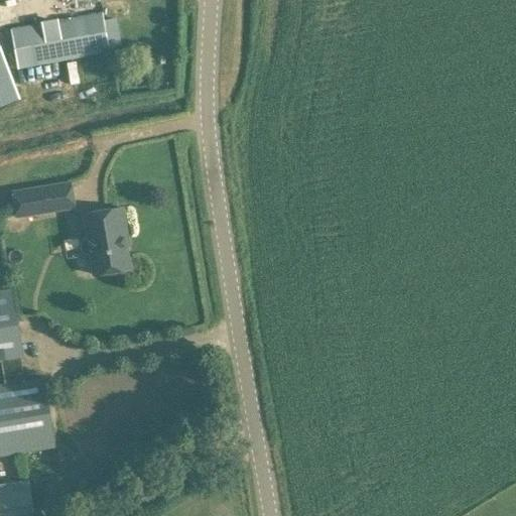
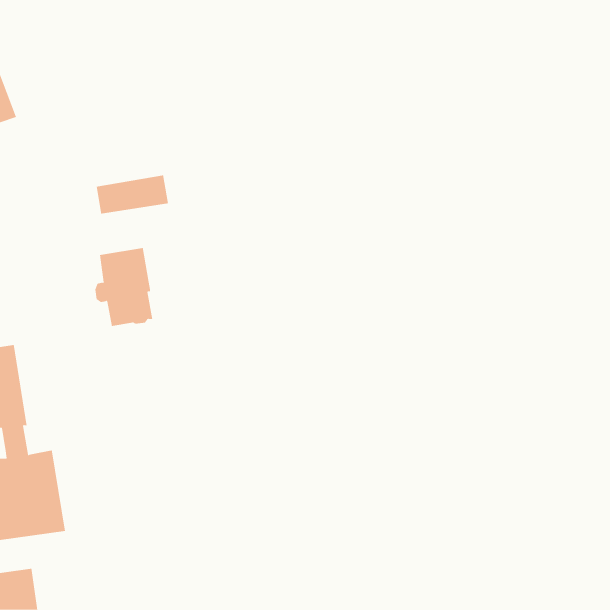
building: [9,12,108,67] -> none
building: [12,183,74,217] -> [96,175,169,214]

